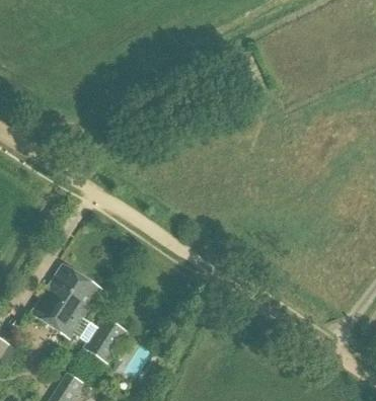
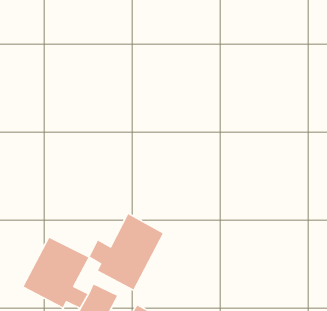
building: none -> [89,213,164,290]

